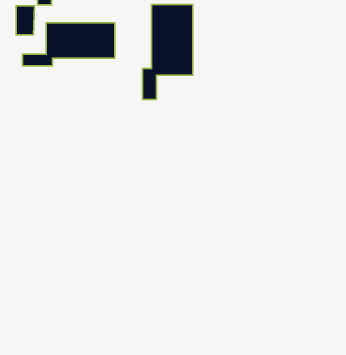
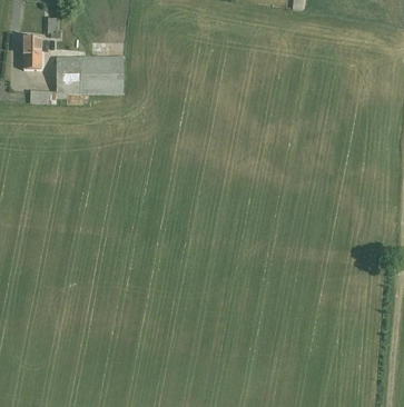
building: [143,4,193,100] -> none

